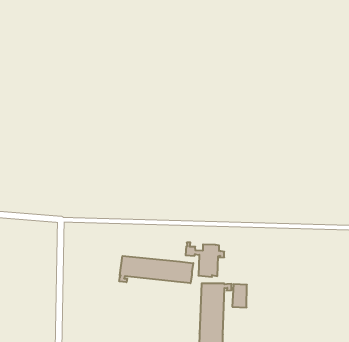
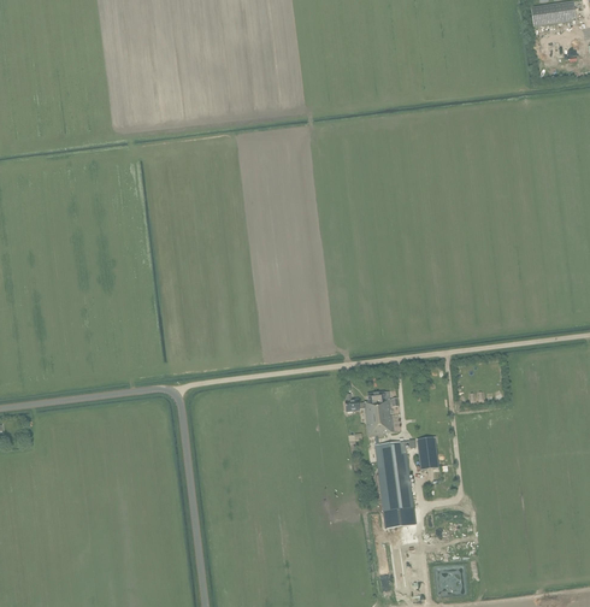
building: [119,256,193,283] -> none

